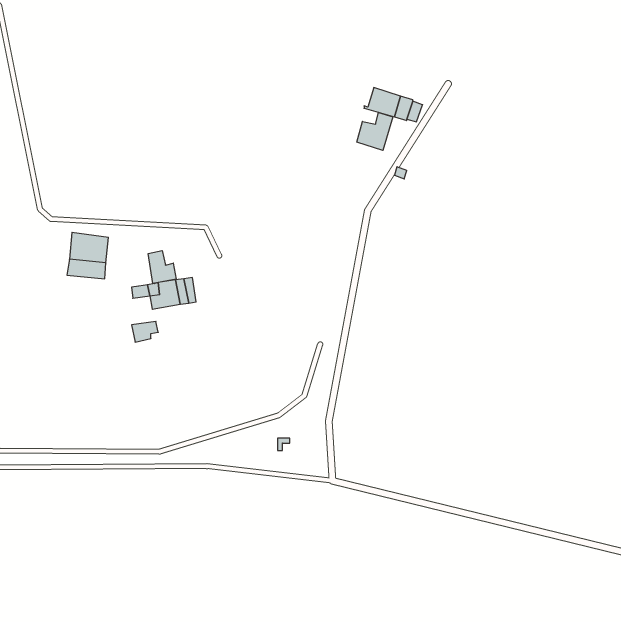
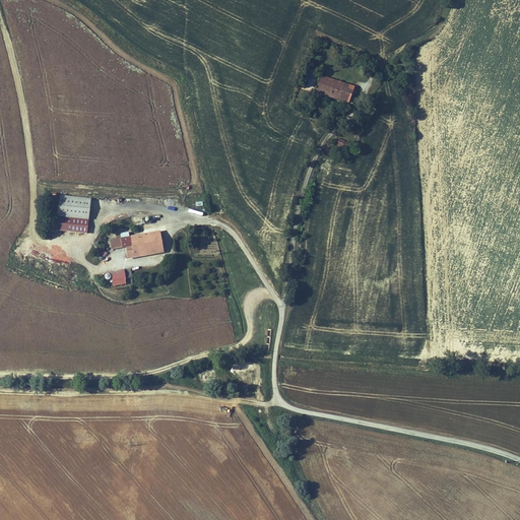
building: [357,112,393,150] -> none
building: [148,251,176,283] -> none

